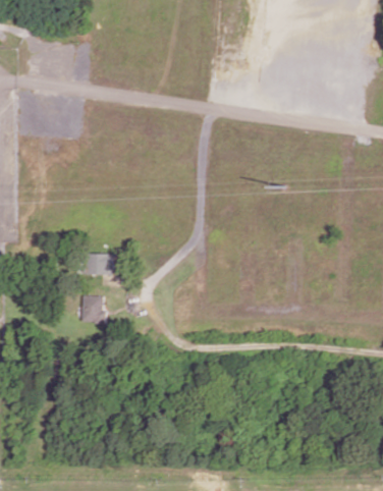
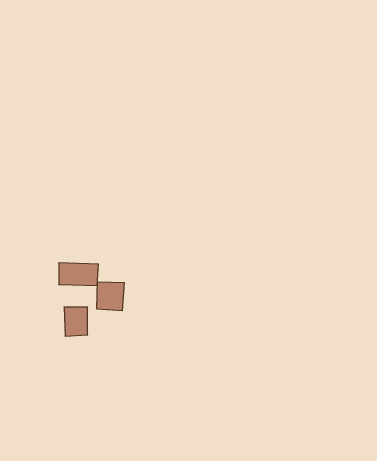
building: none -> [97,282,124,311]

